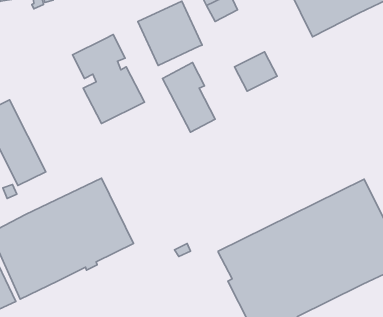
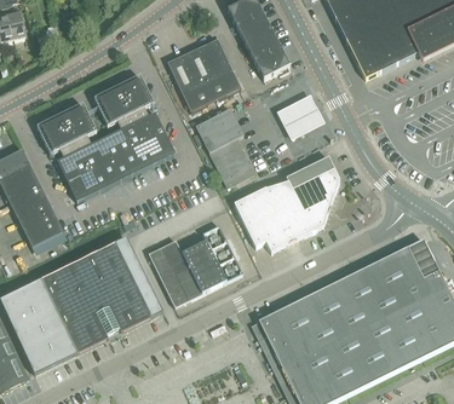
building: none -> [255,47,289,77]
building: none -> [38,103,127,200]
building: none -> [235,155,340,250]
building: none -> [149,224,243,306]

